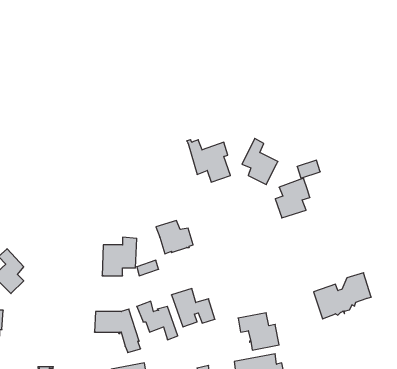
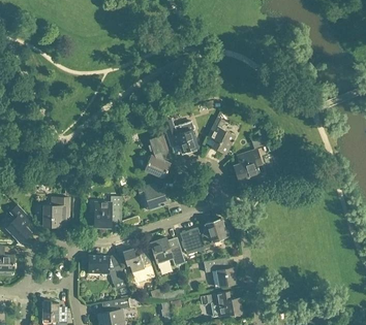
building: none -> [144,134,170,177]
building: none -> [42,197,68,226]
building: [314,273,371,319] -> [179,218,225,255]

